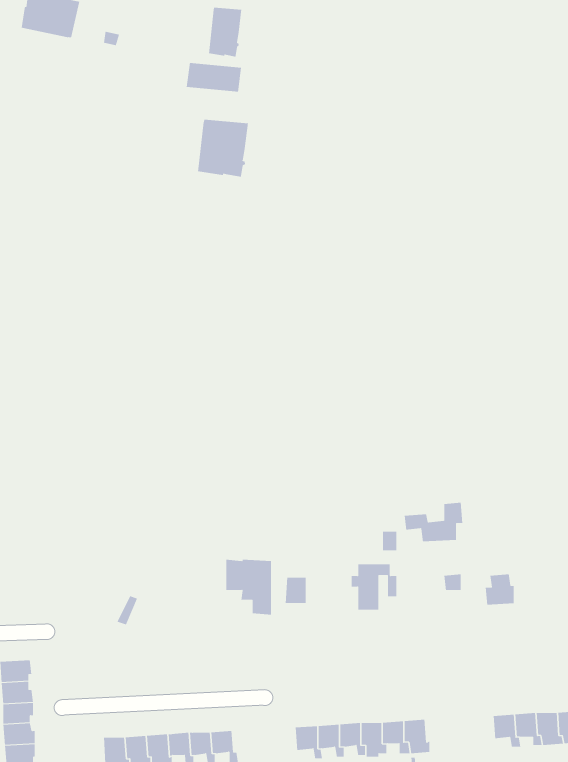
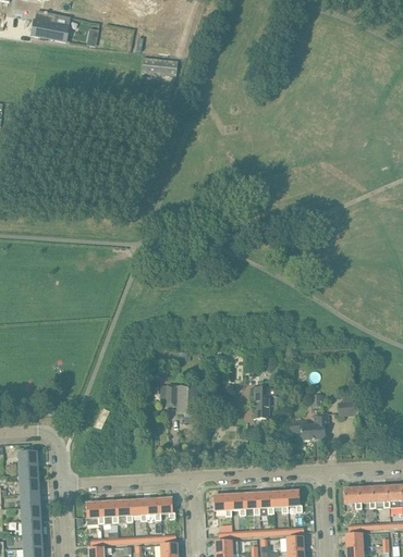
building: [208,7,242,58] -> none
building: [198,119,248,178] -> none
building: [404,502,463,542] -> [289,412,328,438]

